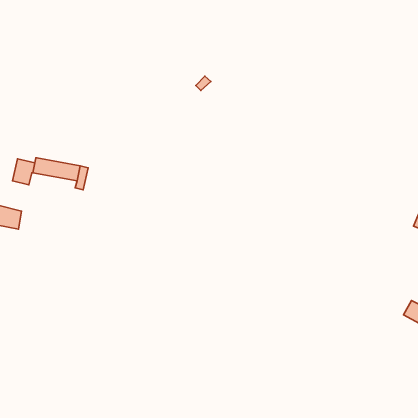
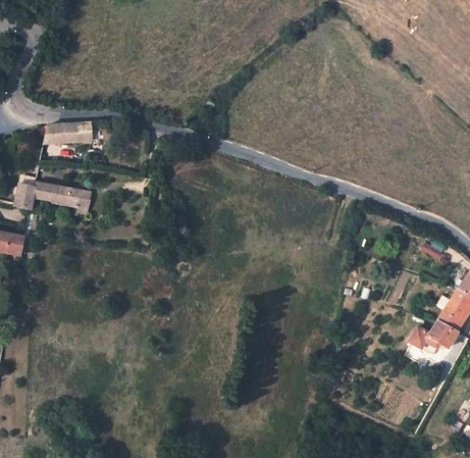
building: none -> [44,122,102,151]

